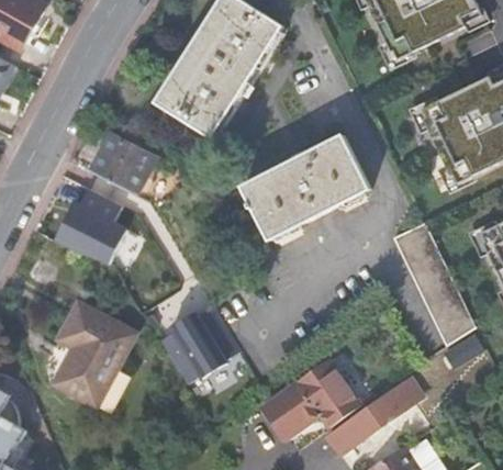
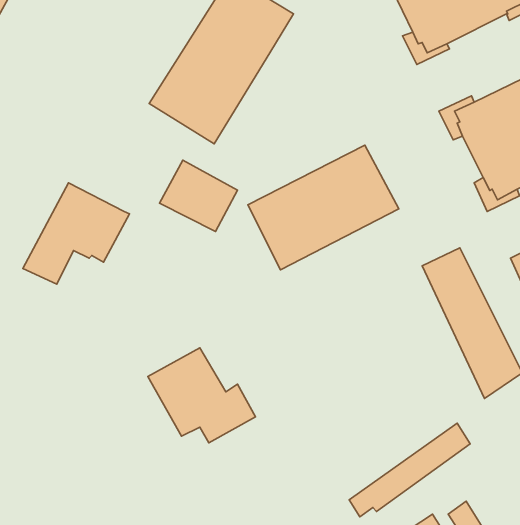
building: [91,133,157,193] -> [159,160,237,232]
building: [54,298,139,405] -> none
building: [265,365,360,440] -> none

